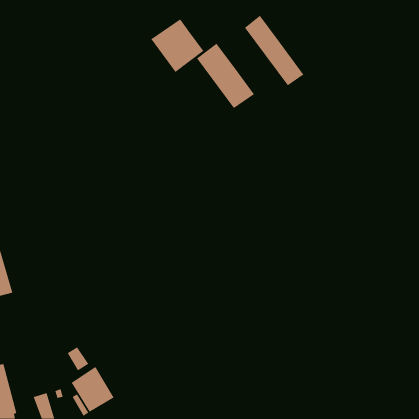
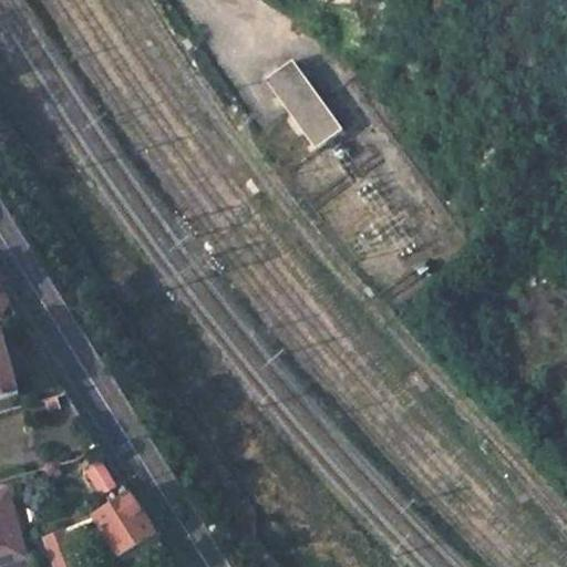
building: [244,15,304,86] -> none
building: [150,19,204,73] -> none

